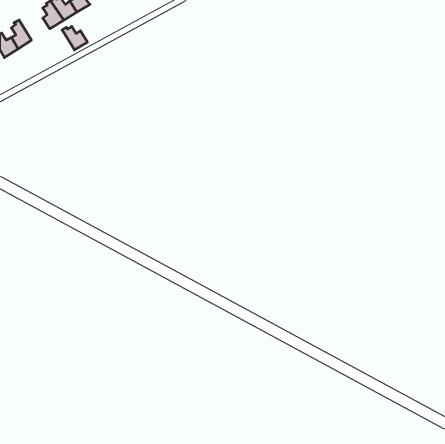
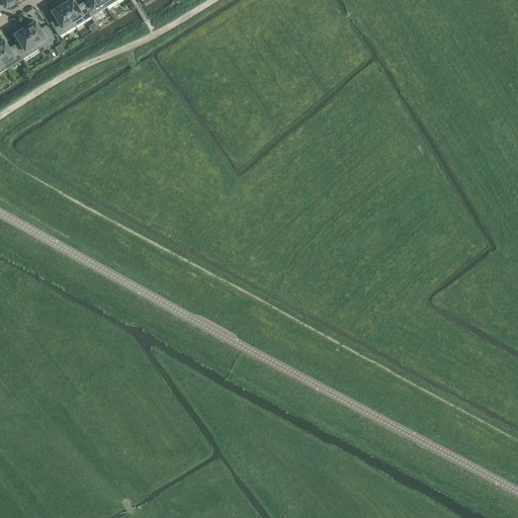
building: [62,26,87,50] -> [22,19,52,47]

